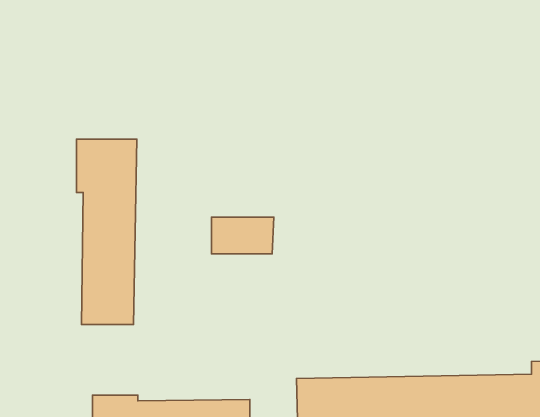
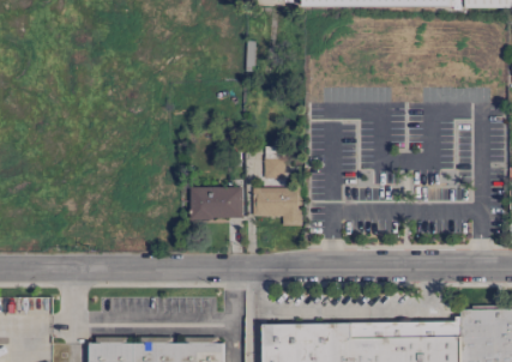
building: [77,139,137,324] -> none
building: none -> [253,146,302,225]

